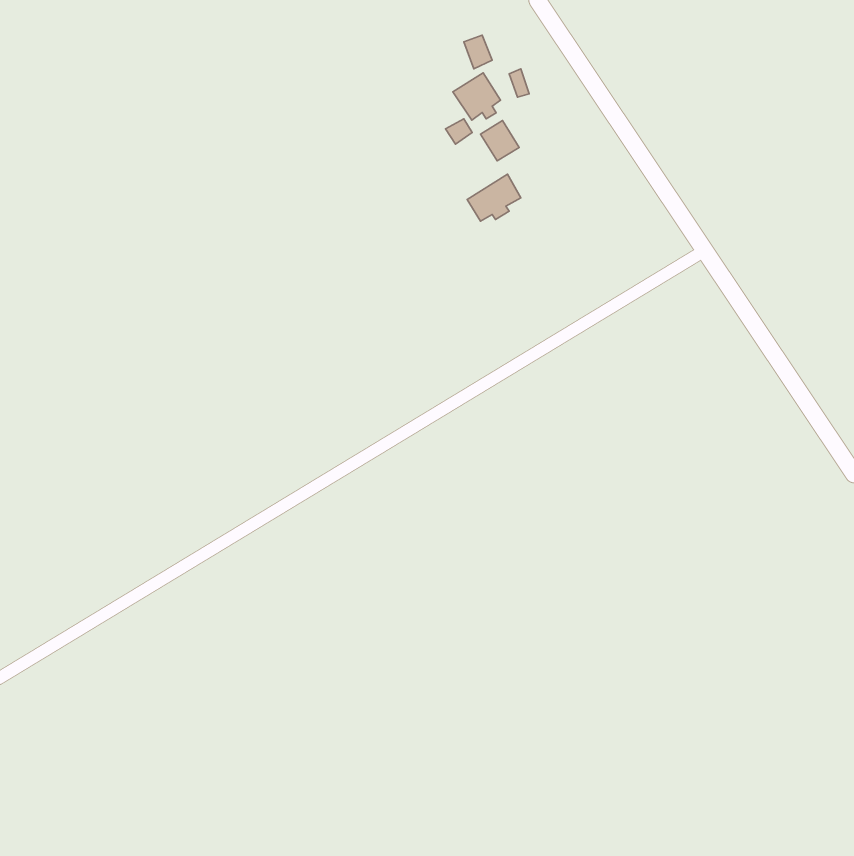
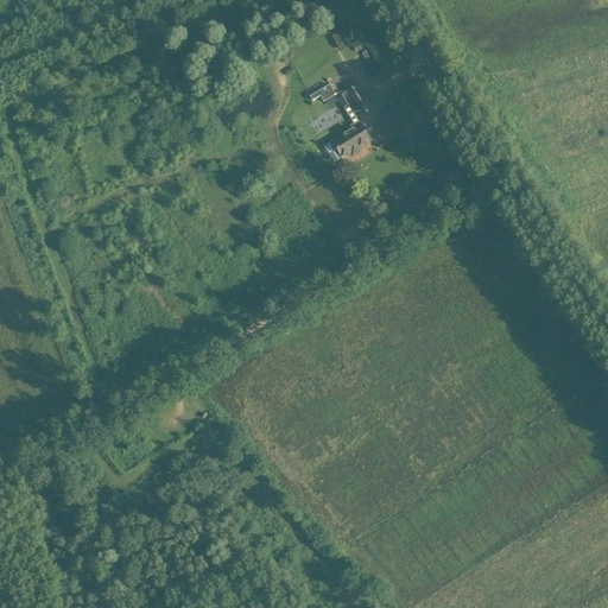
building: [453,73,500,120] -> none

